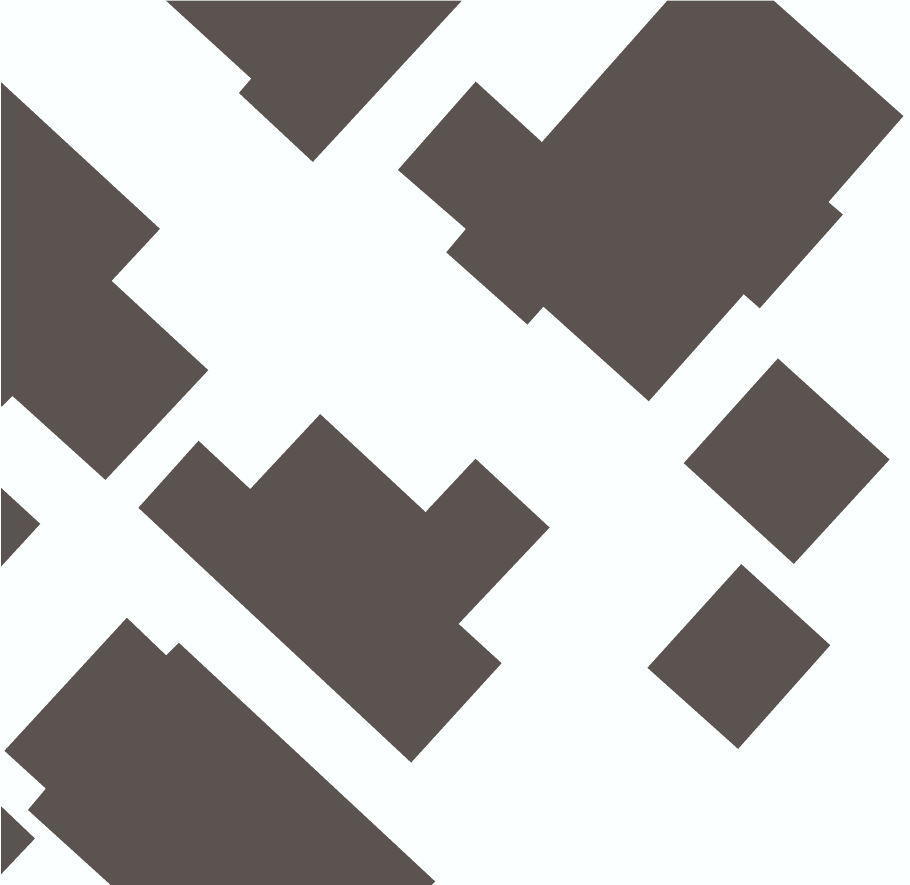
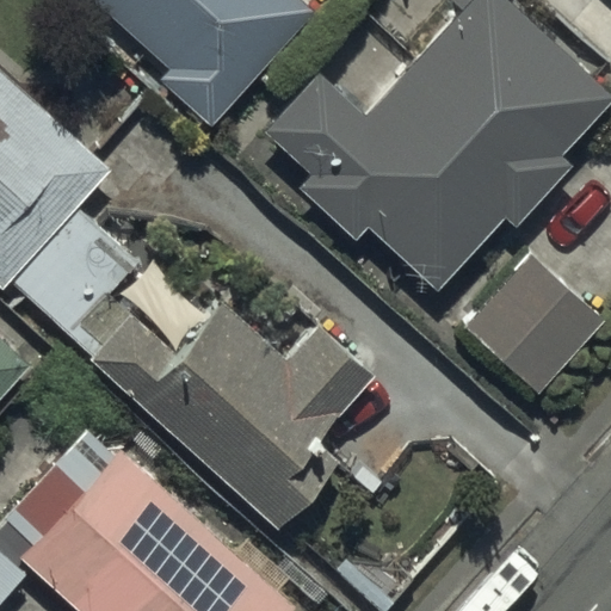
building: [647,563,831,750] -> none

